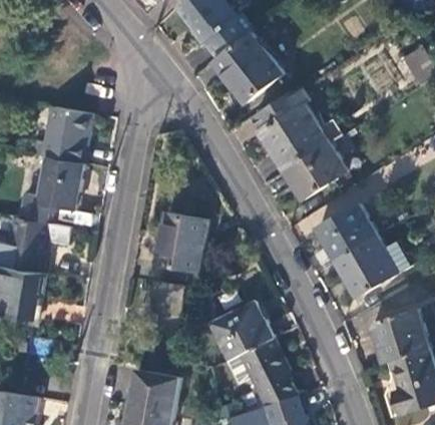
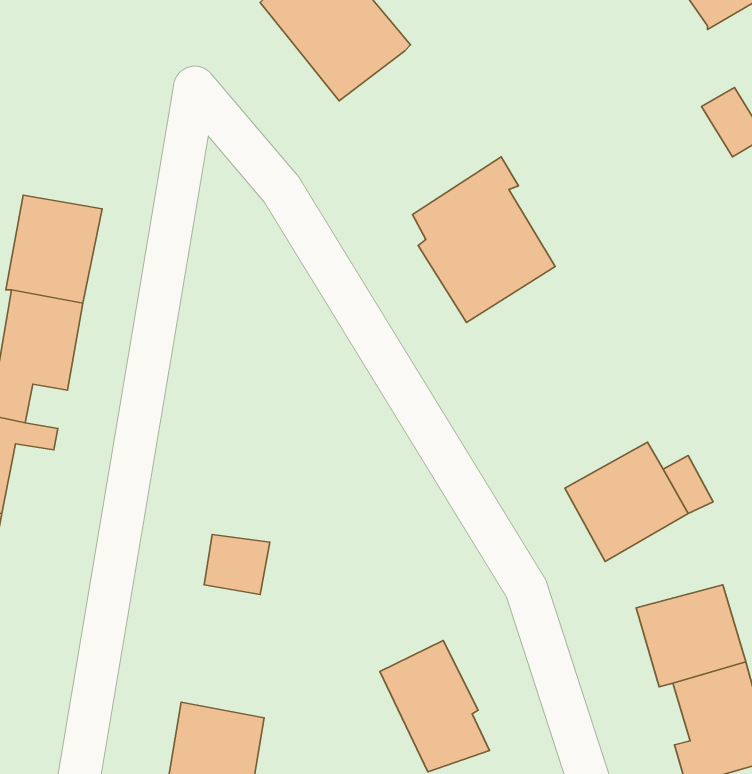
building: [213,32,285,103] -> none
building: [284,144,347,200] -> none
building: [318,204,378,260] -> none
building: [156,214,207,273] -> none
building: [210,303,272,360] -> none

